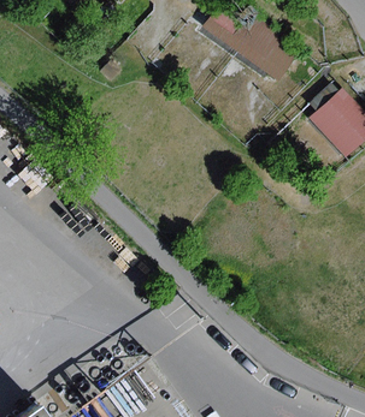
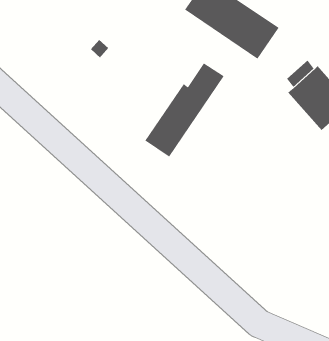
building: none -> [144,62,225,158]

